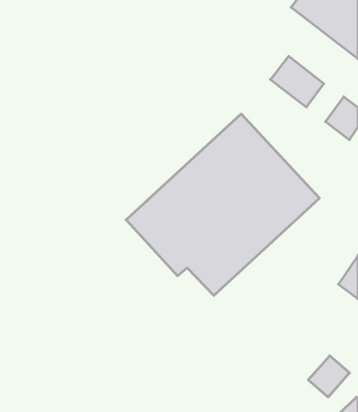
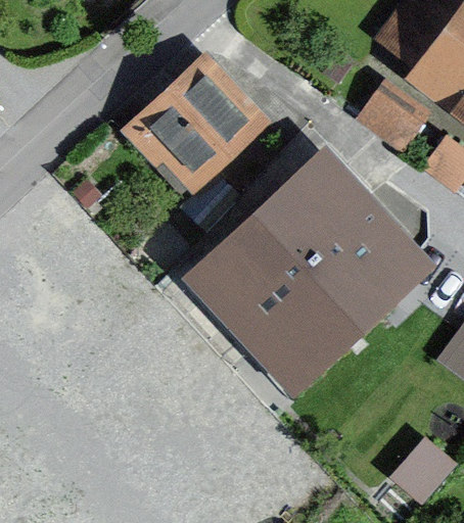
building: none -> [131,61,250,188]

